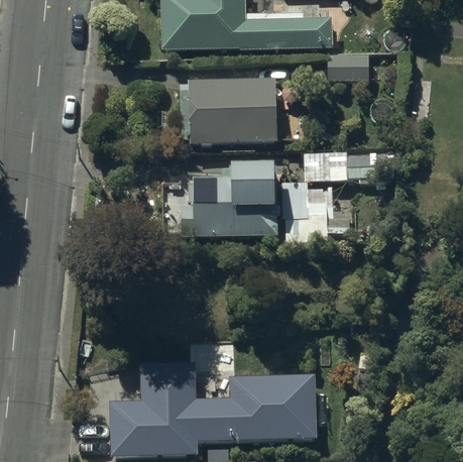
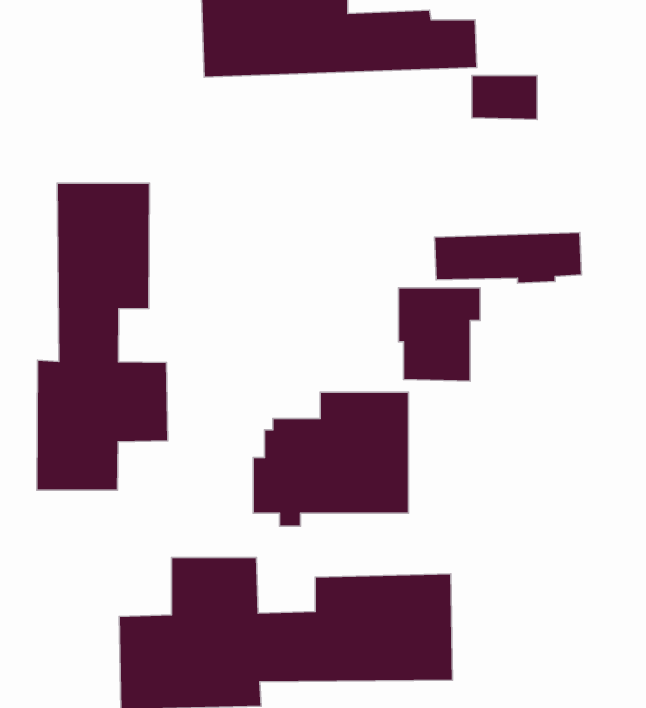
building: [180,83,277,149] -> none
building: none -> [37,183,168,490]
building: [181,165,276,248] -> [253,392,408,526]

